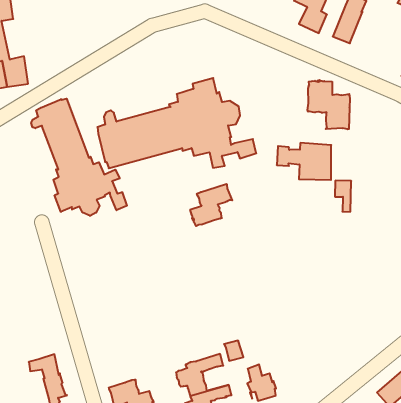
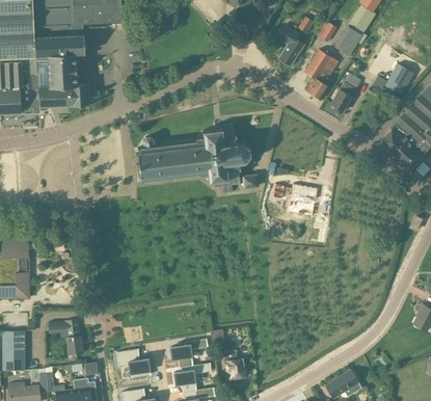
building: [308,80,350,129] -> none
building: [31,99,127,216] -> none
building: [190,184,232,226] -> none

